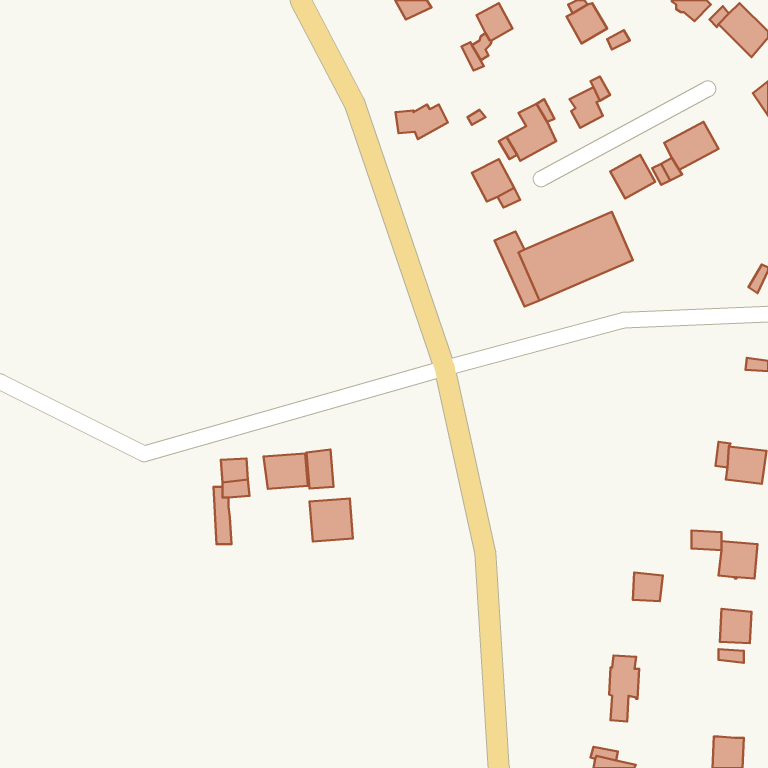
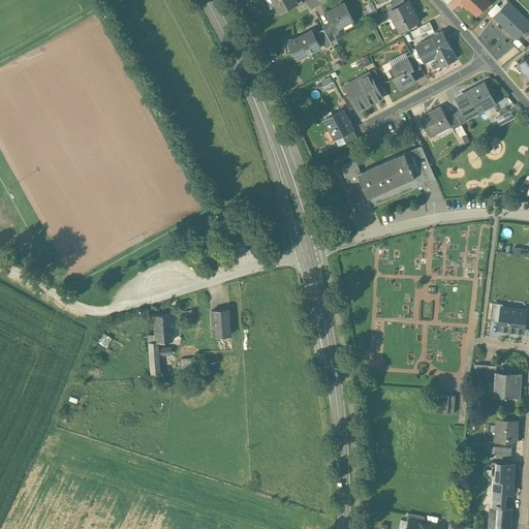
building: none -> [416,32,456,68]
building: [395,105,448,139] -> [283,34,319,58]
building: [263,453,308,489] -> none
building: [310,499,353,542] -> none
building: [609,655,639,722] -> [493,462,514,507]

